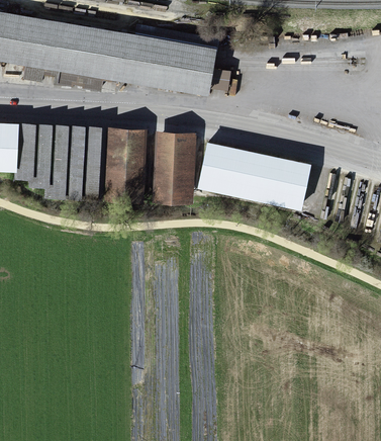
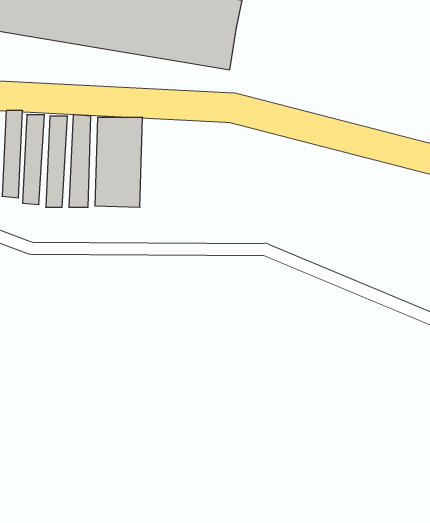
building: [156,130,196,200] -> none
building: [197,144,311,211] -> none

